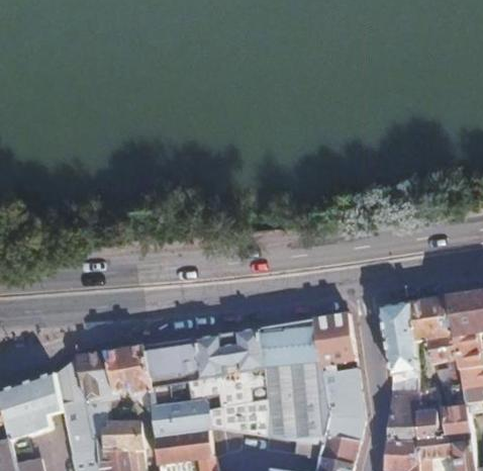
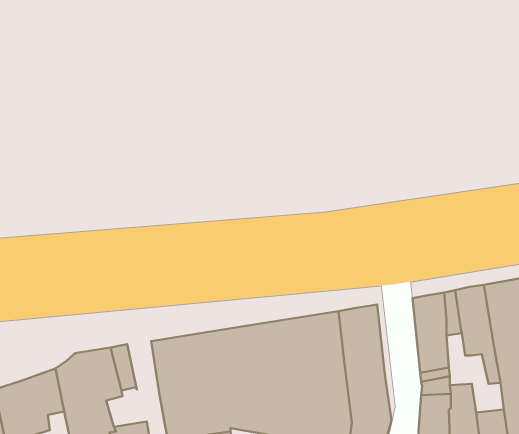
building: [120,347,154,416] -> none

